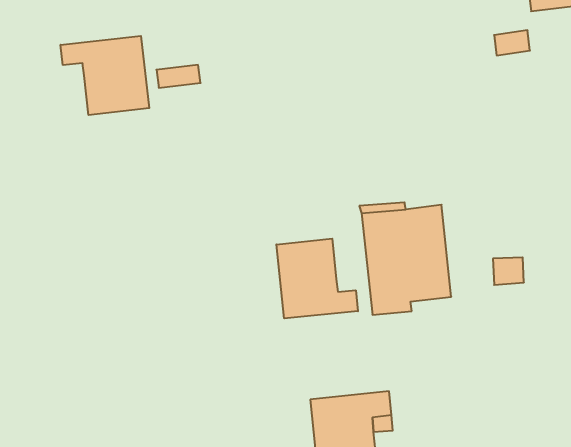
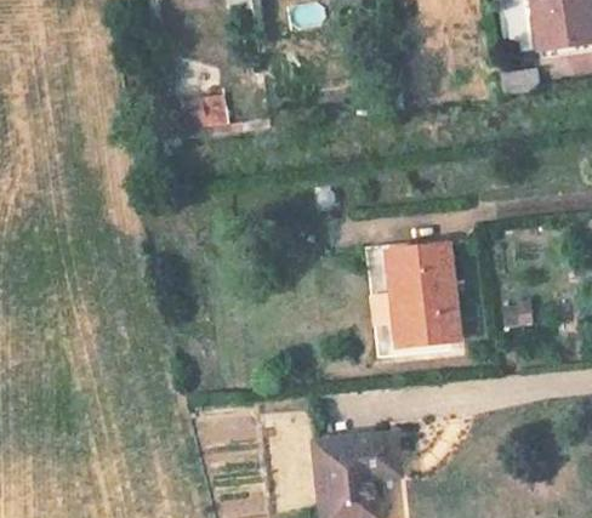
building: [61,36,149,115] -> none
building: [276,239,358,318] -> none

